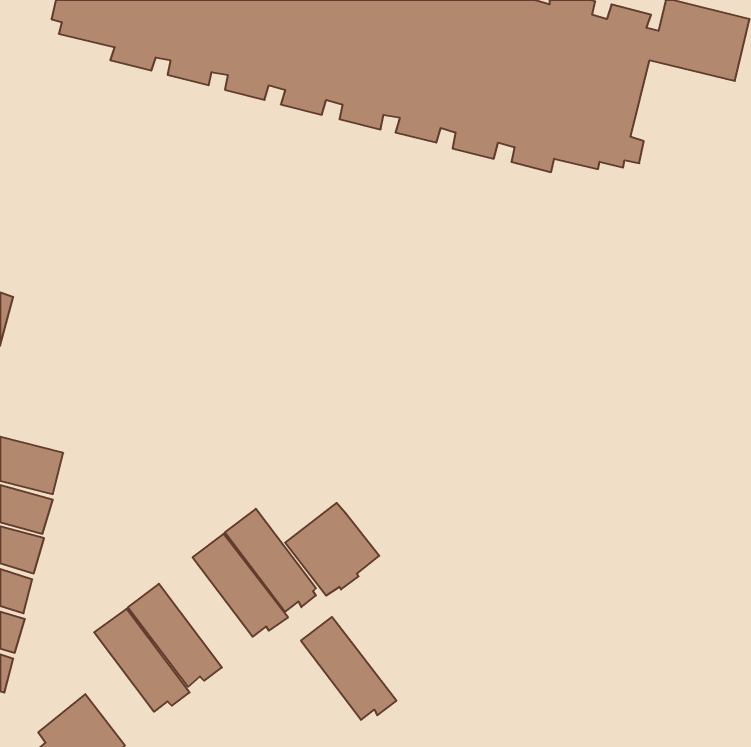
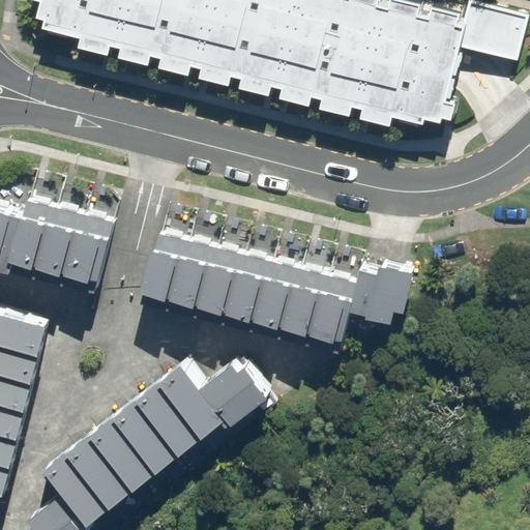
building: none -> [8,196,113,291]
building: none -> [140,229,413,351]
building: [301,617,396,720] -> [113,396,180,469]
building: none -> [43,450,111,522]

